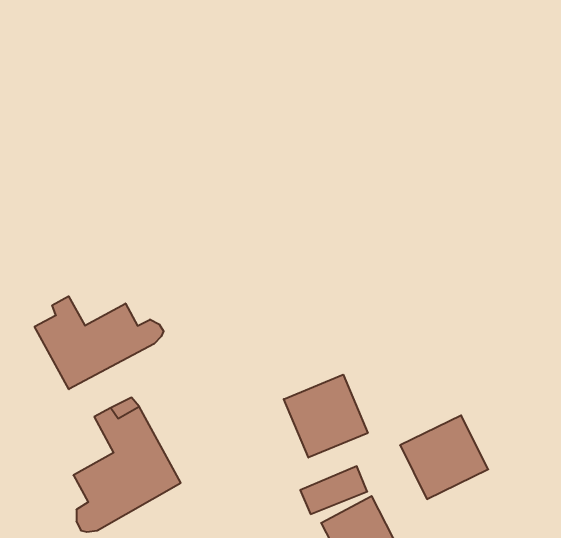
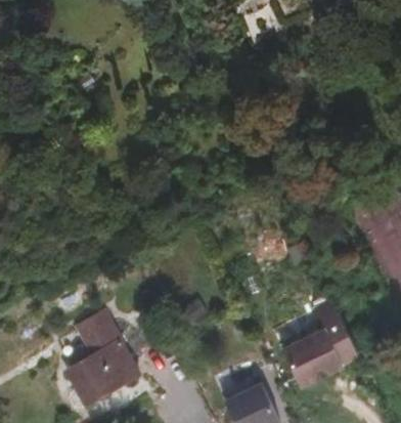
building: [35,296,164,389] -> none
building: [284,375,368,458] -> none

